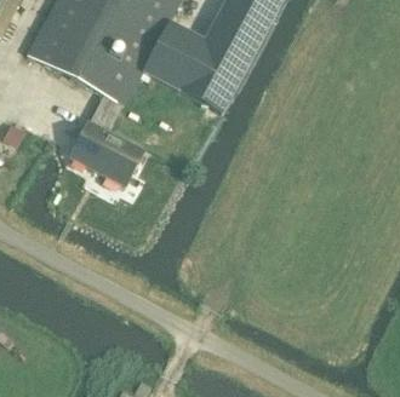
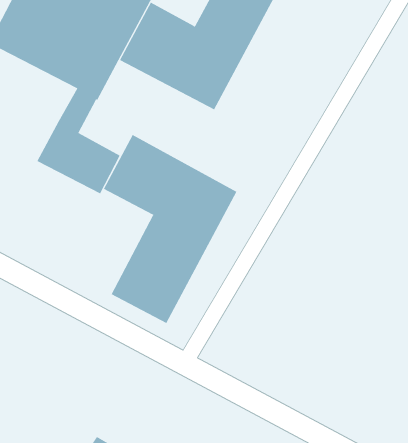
building: none -> [103,134,237,324]

